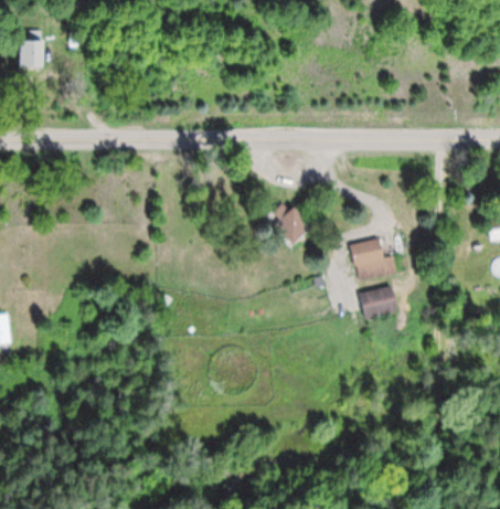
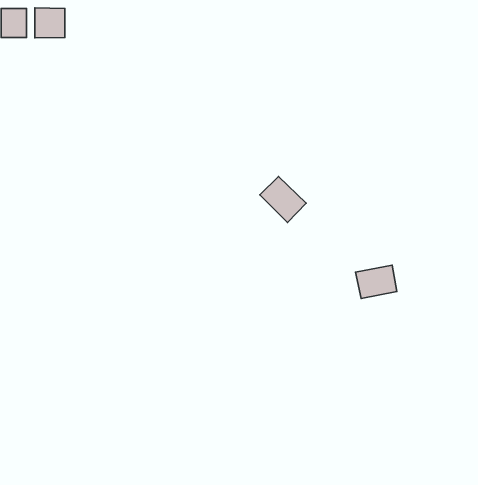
building: none -> [35,8,65,38]
building: [350,238,397,280] -> none

